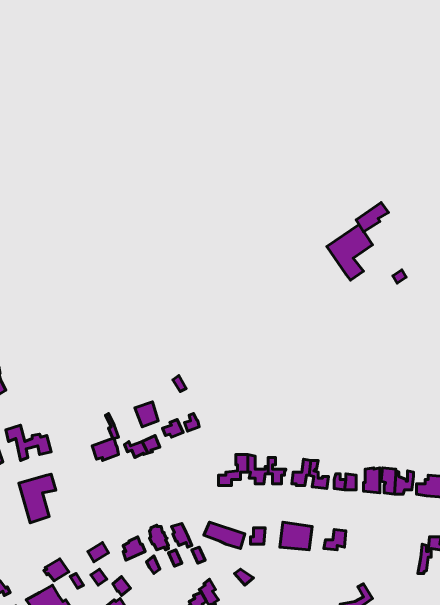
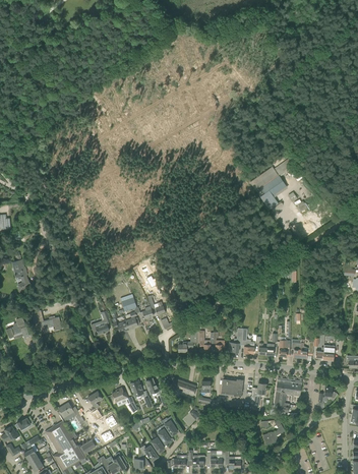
building: [19,474,56,523] -> none
building: none -> [273,379,301,413]

